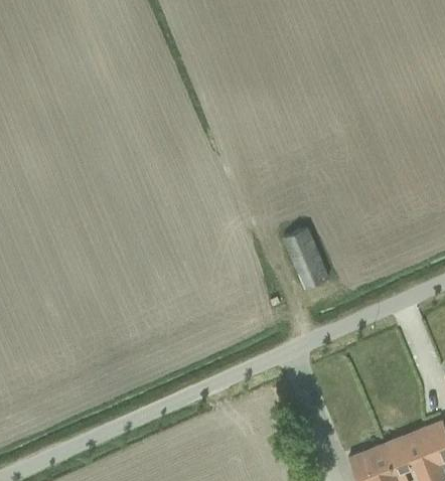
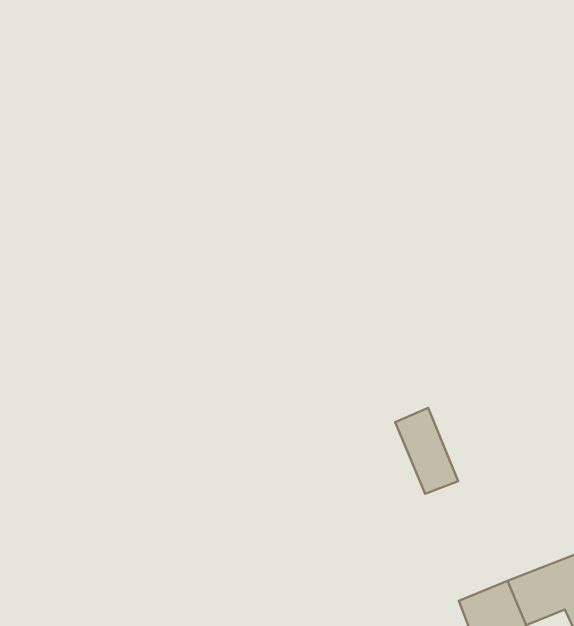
building: [285,228,329,289] -> [395,408,458,494]

